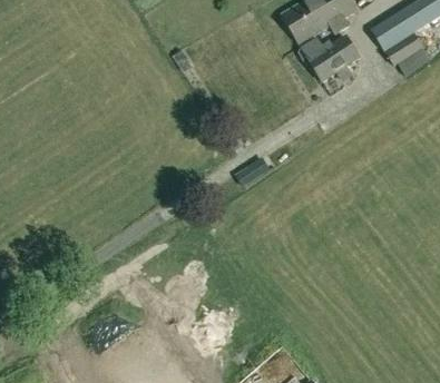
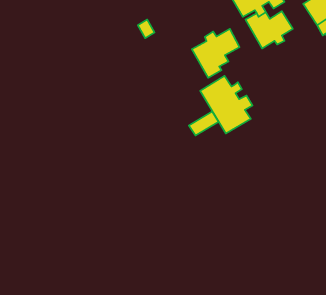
building: none -> [192,29,239,78]
building: none -> [200,76,253,134]

